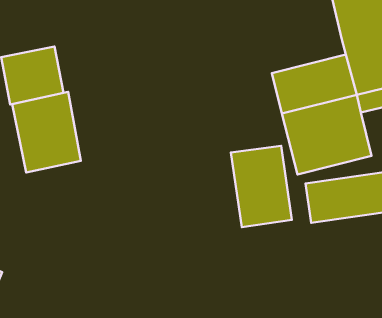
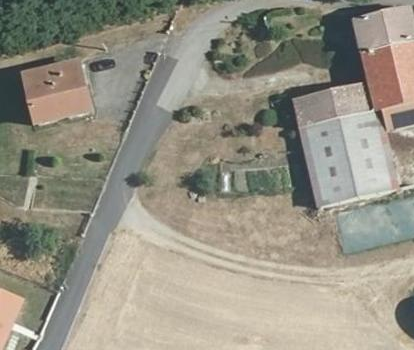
building: [12,92,81,173] -> none
building: [231,146,292,227] -> none

